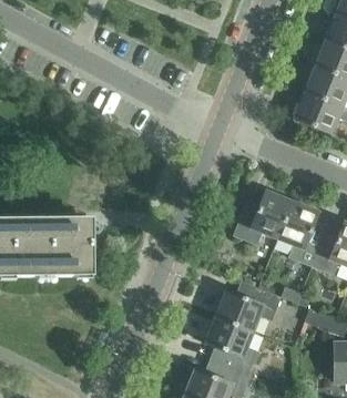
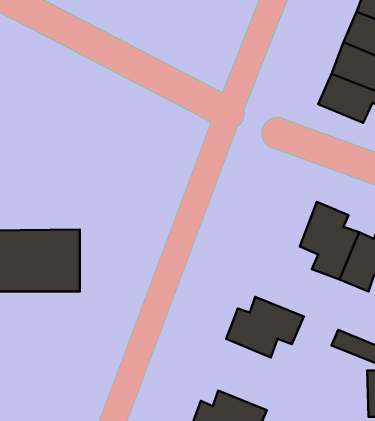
building: [233,191,293,245] -> none
building: [205,316,259,376] -> none

